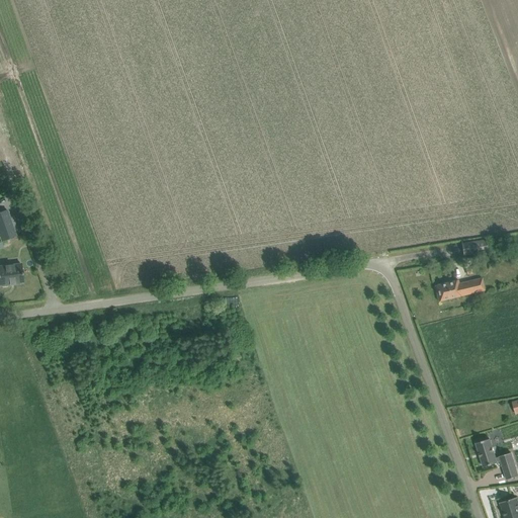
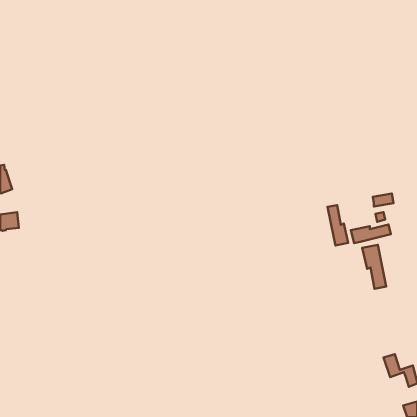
building: none -> [328,205,348,245]
building: none -> [362,245,386,289]

